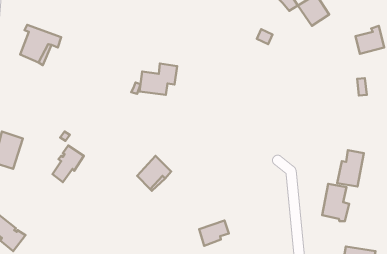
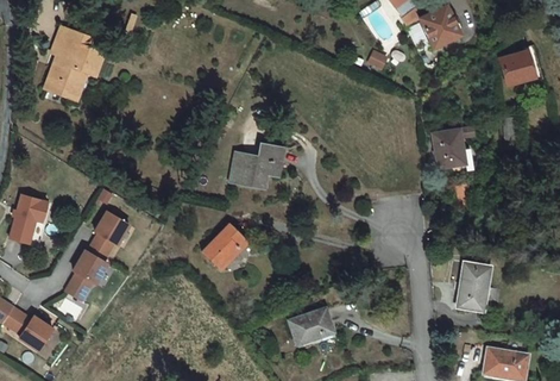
building: none -> [54,25,103,61]
building: [140,64,177,95] -> [232,142,283,185]
building: none -> [432,129,465,174]
building: [337,150,364,186] -> none
building: none -> [63,246,106,295]

